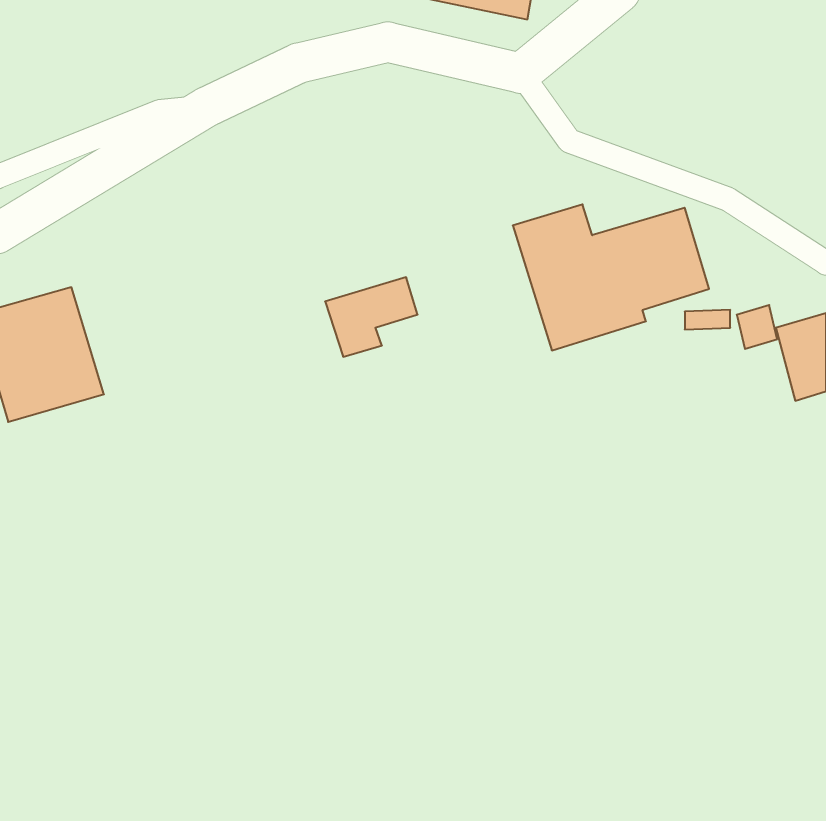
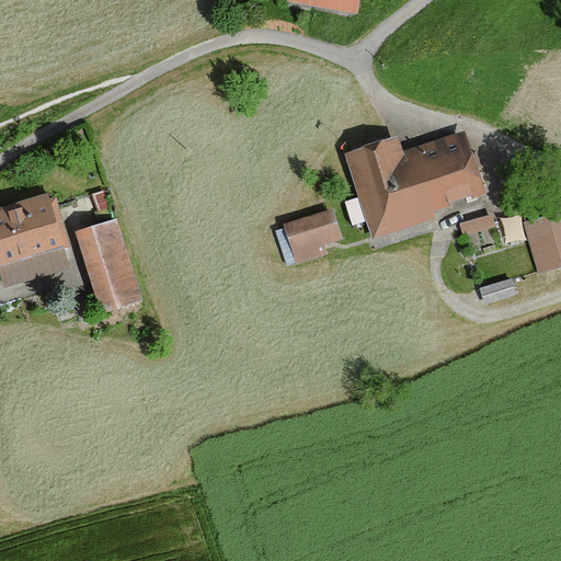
building: [325,277,418,357] -> [283,208,345,262]
building: none -> [76,220,140,312]

